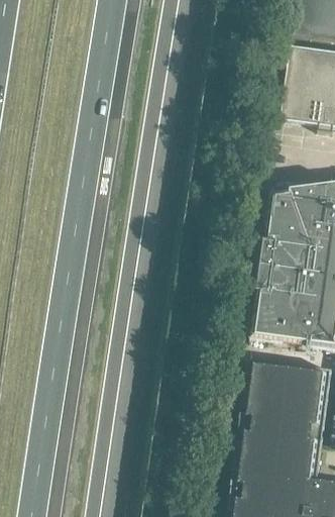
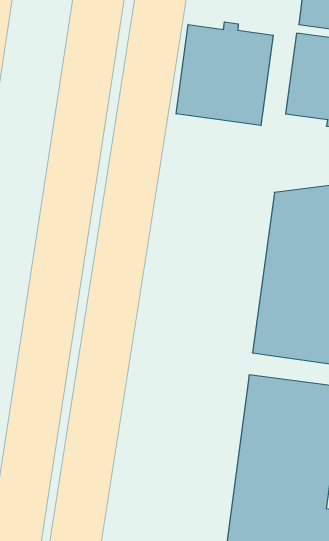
building: none -> [176,22,273,126]

